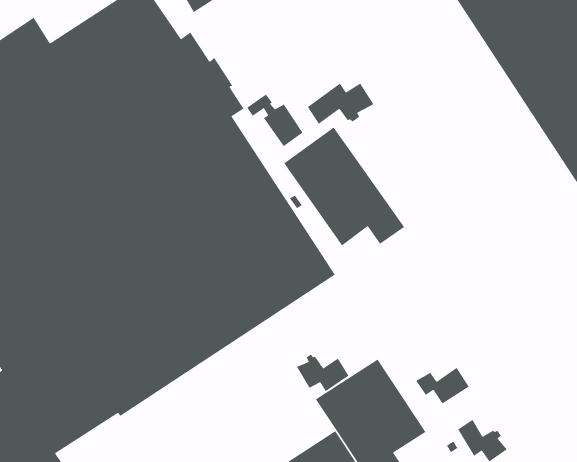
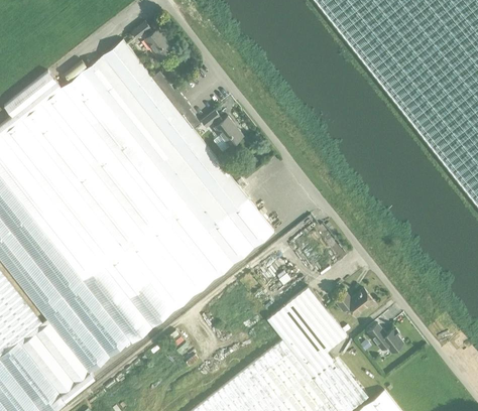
building: [307,82,374,125] -> none
building: [283,126,405,246] -> none
building: [296,354,350,392] -> none

